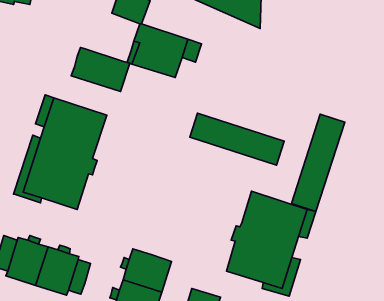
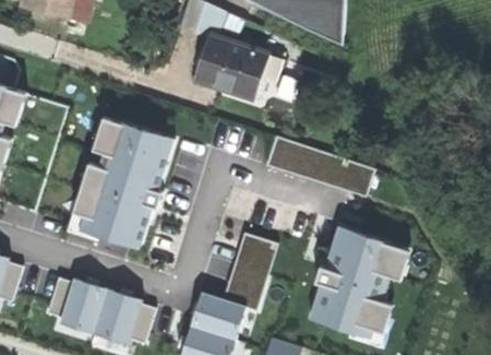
building: [71,47,130,92] -> none
building: [291,114,345,211] -> none
building: none -> [224,233,278,309]

